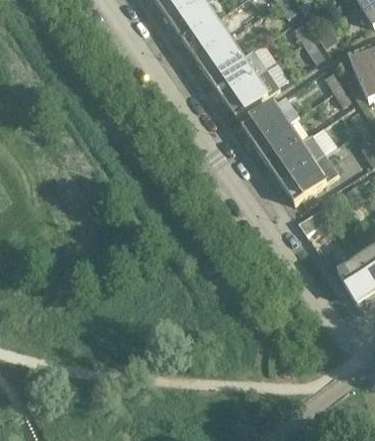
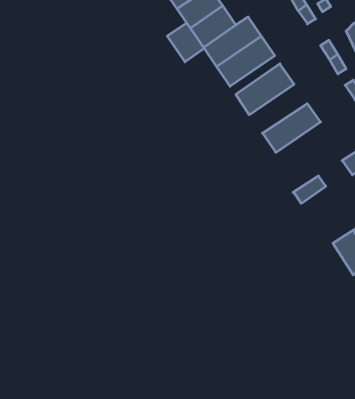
building: none -> [167,23,204,62]
building: [254,111,311,159] -> none
building: [280,148,338,199] -> none

